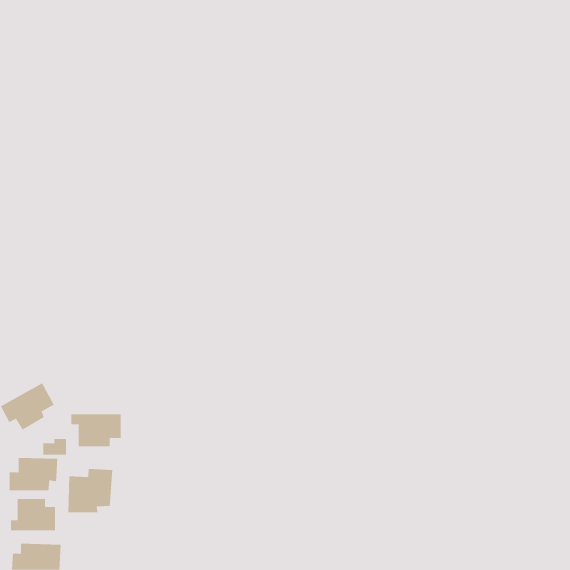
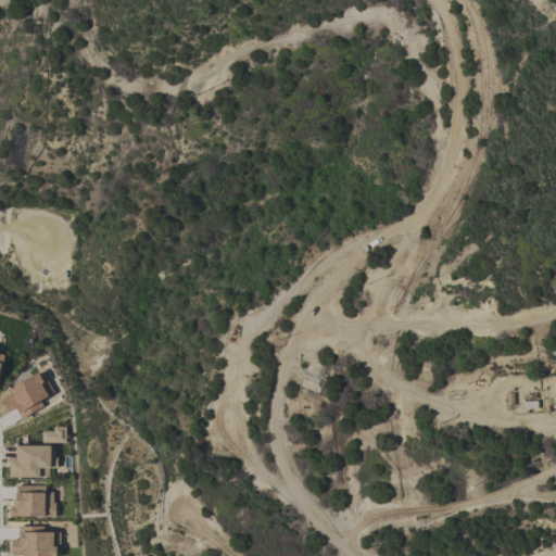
building: [71,414,121,447] -> none
building: [68,468,113,513] -> none

